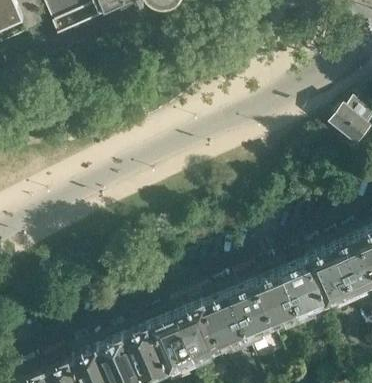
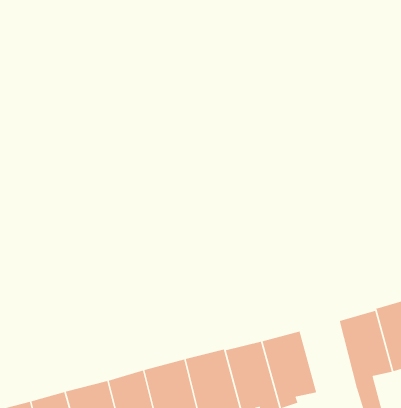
building: [258,269,303,322] -> none

